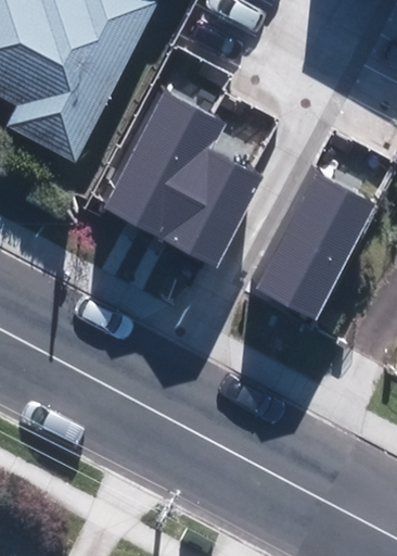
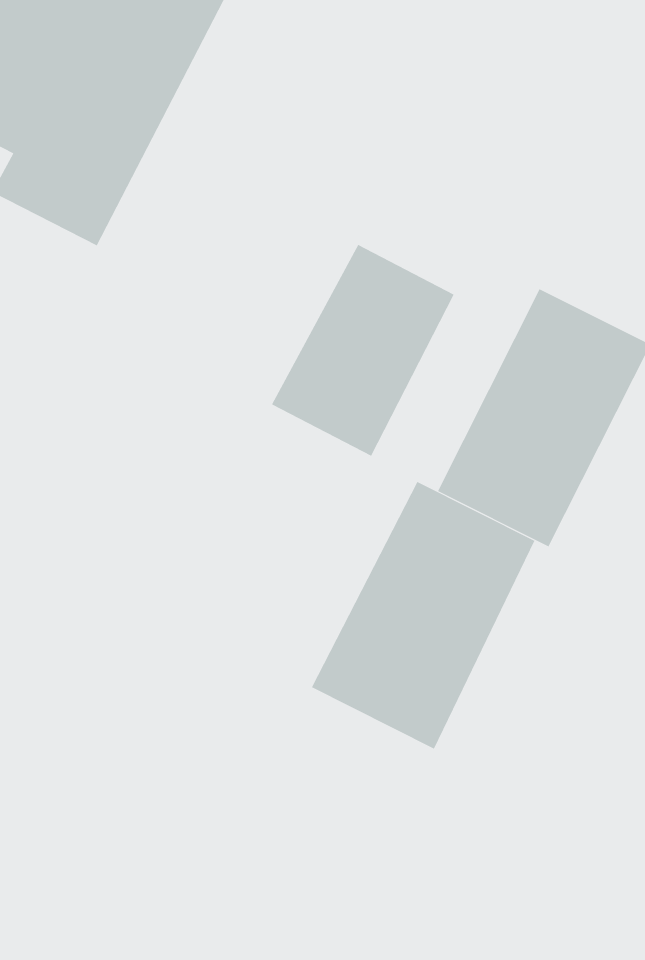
building: [103,93,225,239] -> none
building: none -> [311,481,535,749]

